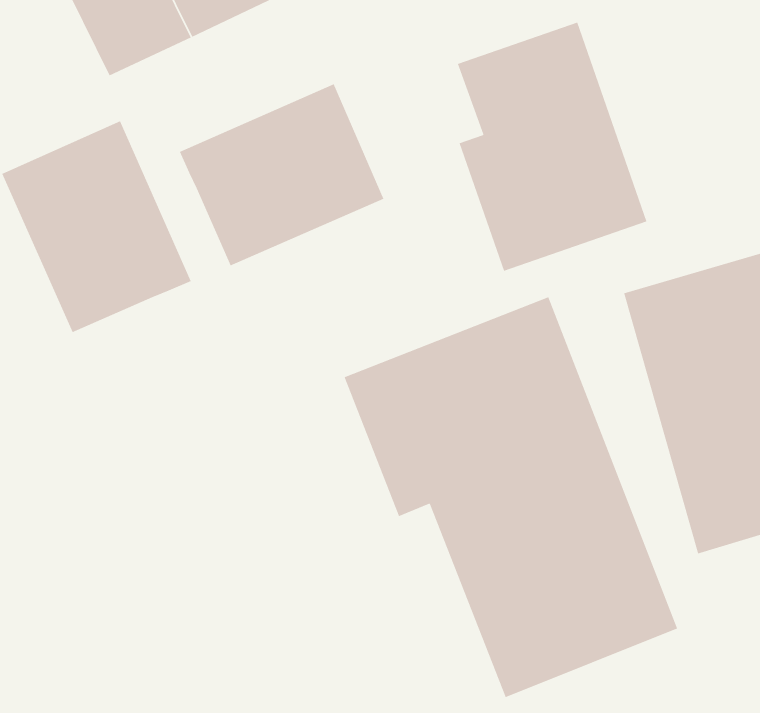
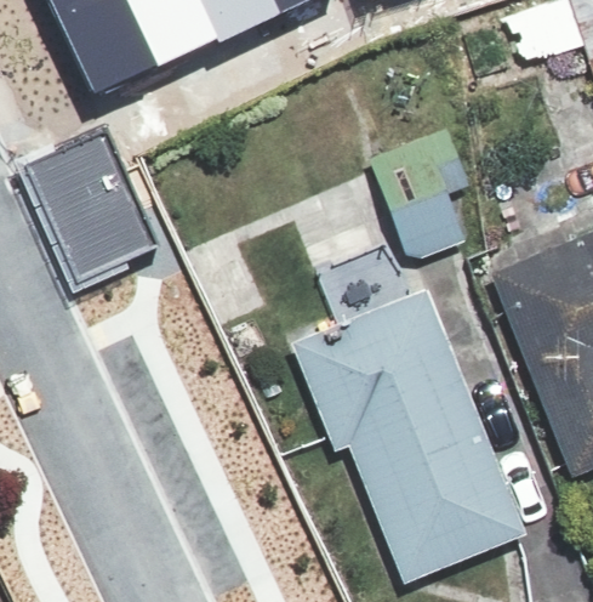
building: [179,83,384,266] -> none

